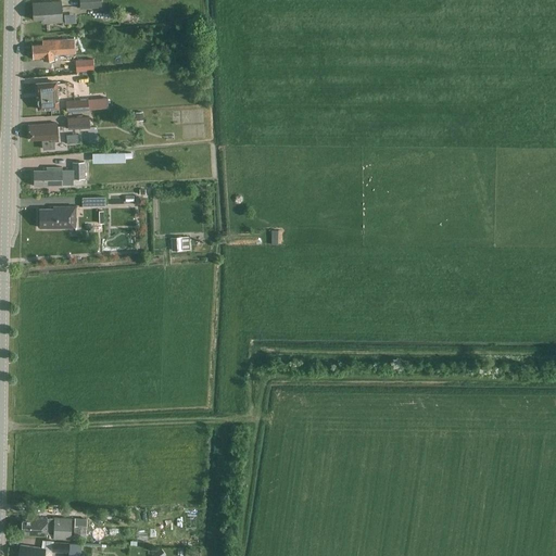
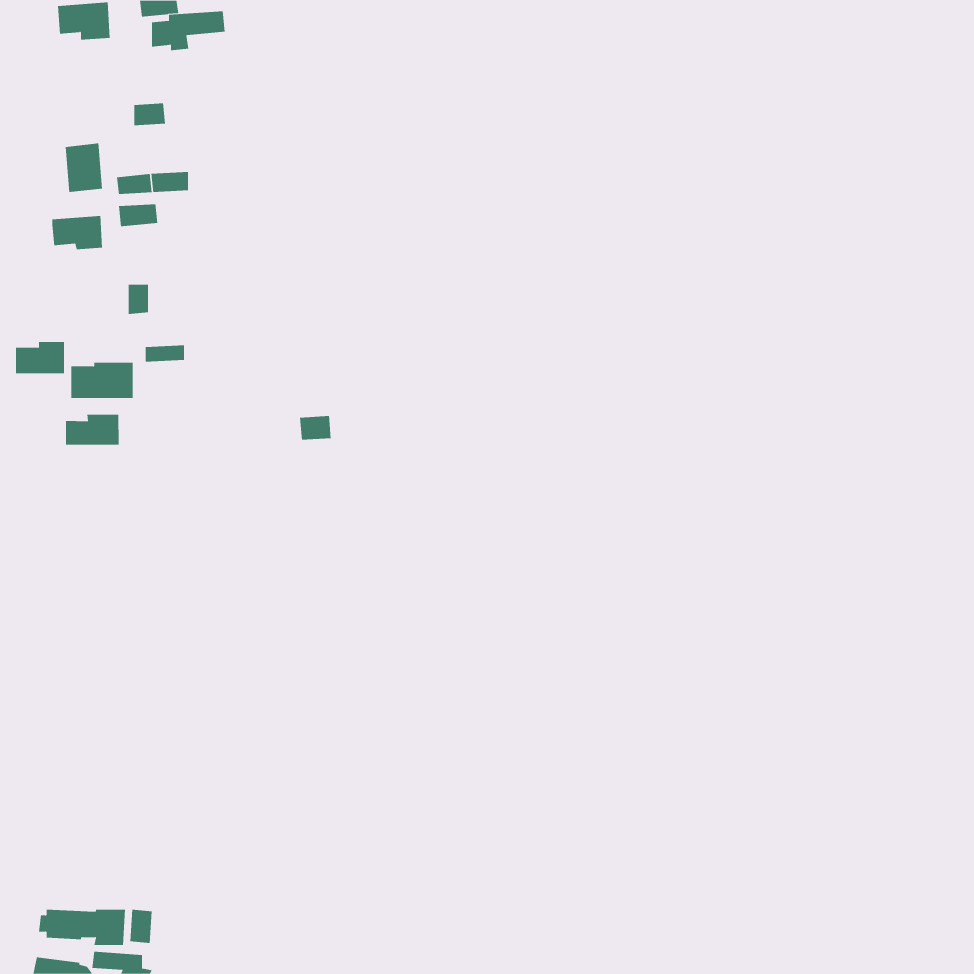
building: [33,38,75,61] -> [151,11,225,51]
building: [34,167,62,186] -> [15,341,65,374]
building: none -> [66,414,119,446]

